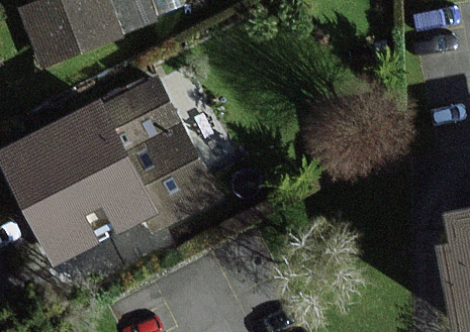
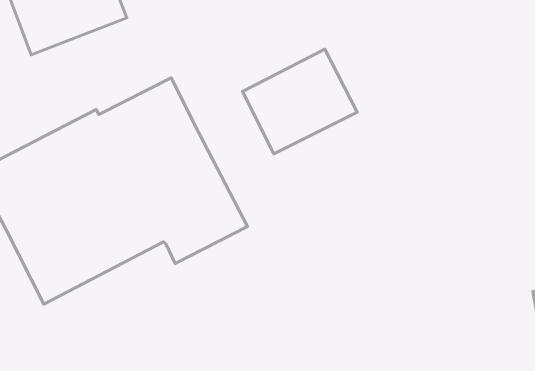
building: none -> [242,49,357,154]

